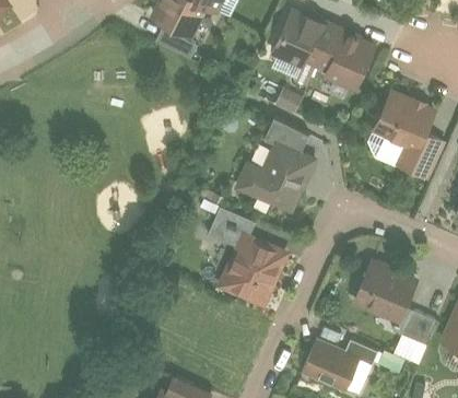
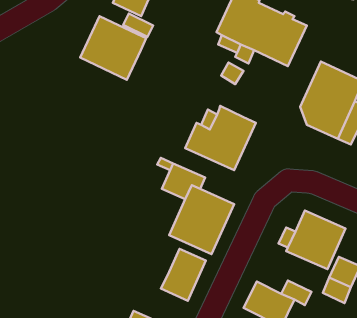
building: none -> [80,16,146,80]
building: [266,118,309,151] -> none
building: none -> [161,249,206,301]

